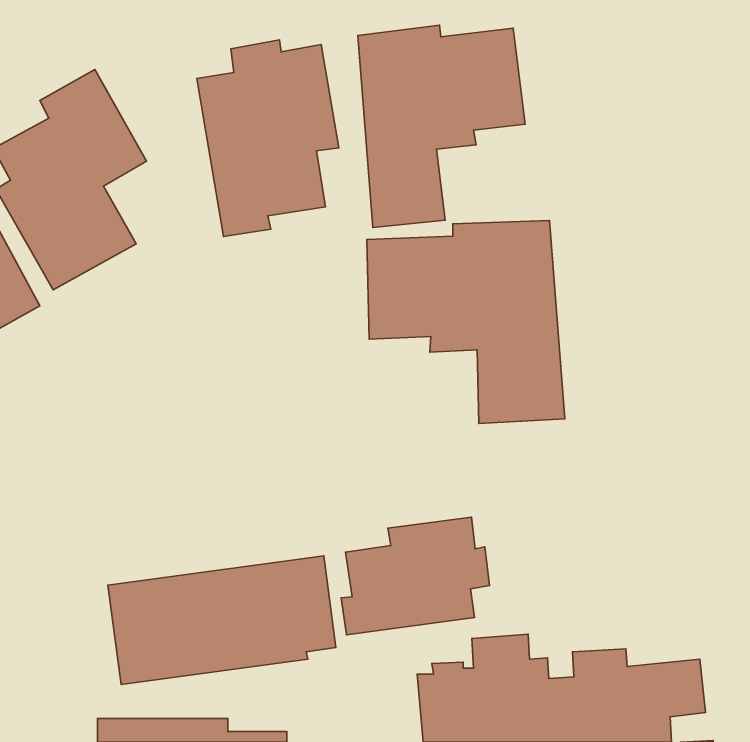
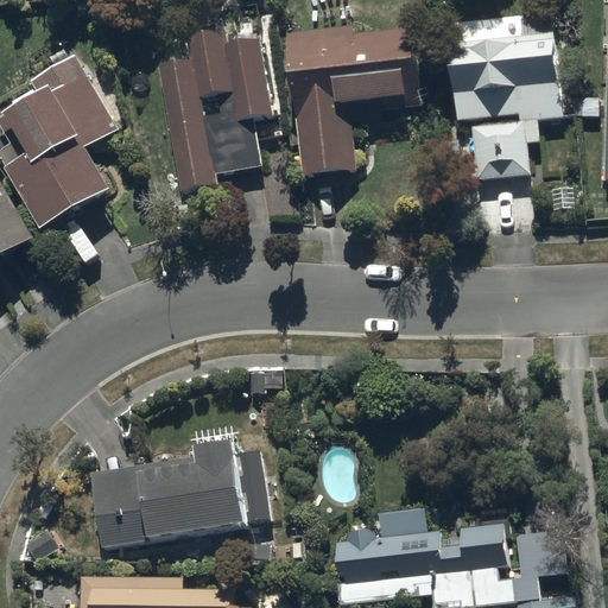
building: none -> [448,31,560,180]
building: [367,221,565,424] -> none
building: [341,517,489,635] -> none

